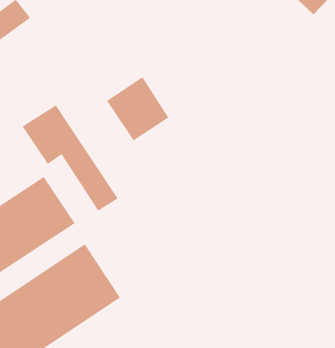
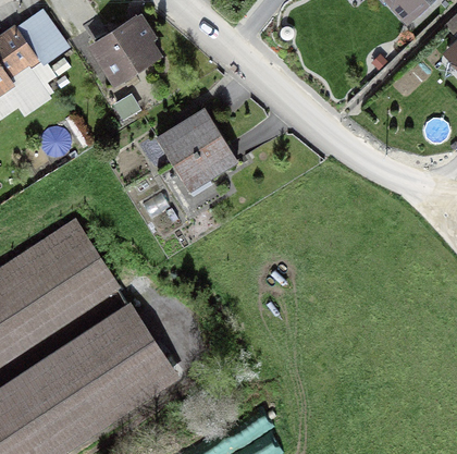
building: none -> [98,17,163,78]
building: [22,105,119,211] -> none

